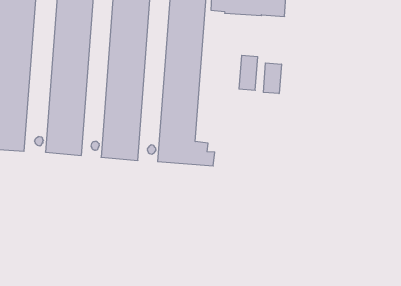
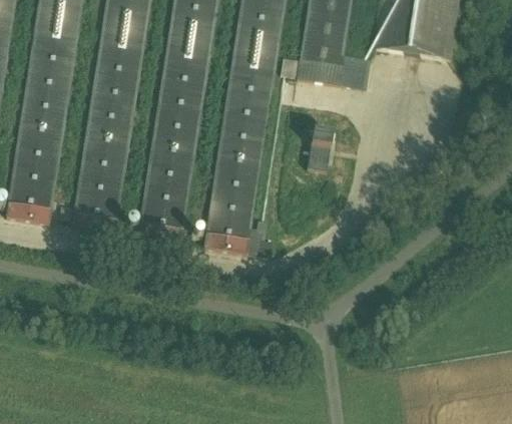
building: [263,63,281,94] -> none

